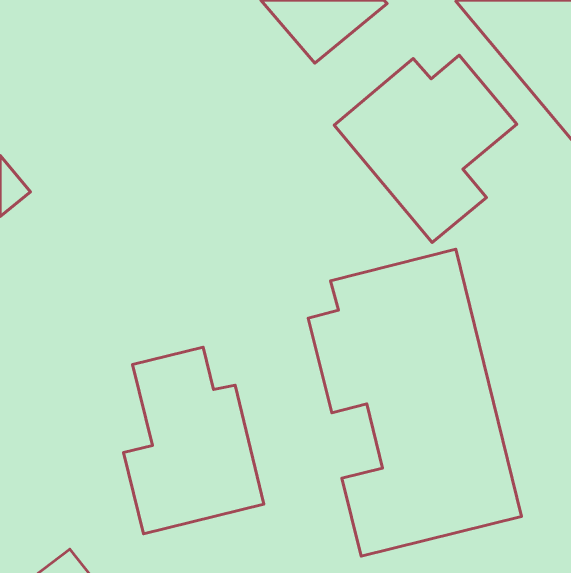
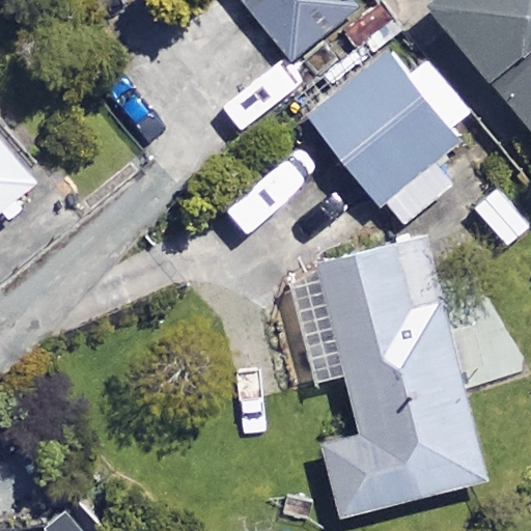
building: [123,347,264,534] -> none

